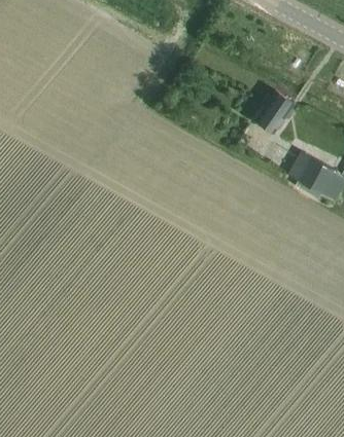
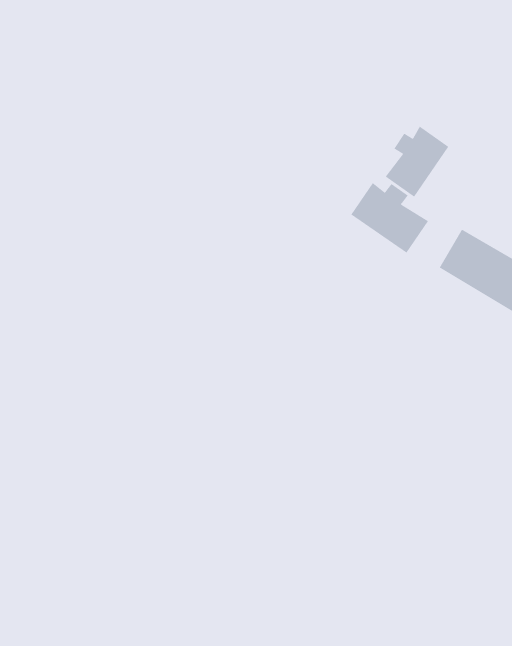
building: none -> [351,182,429,254]

